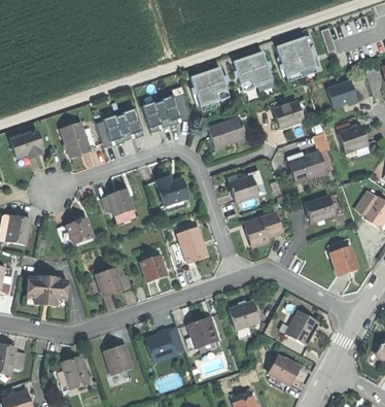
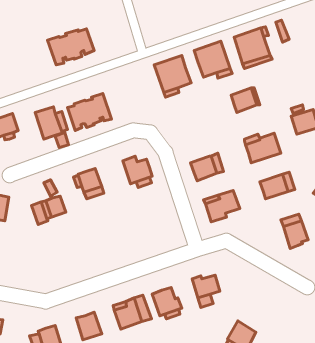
building: [327,80,356,106] -> none
building: [141,93,191,132] -> [48,29,94,65]
building: [208,116,246,147] -> none
building: [177,226,208,263] -> none
building: [140,255,167,281] -> none
building: [95,267,121,296] -> none
building: [28,277,69,307] -> none
building: [285,309,319,343] -> none

